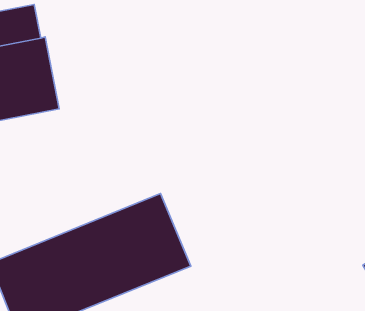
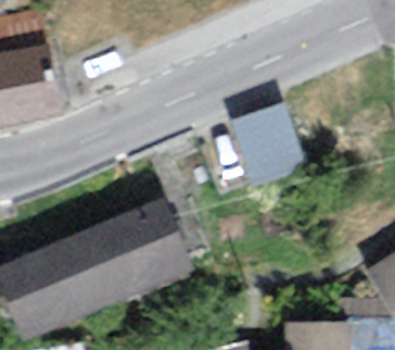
building: none -> [230,101,307,186]

